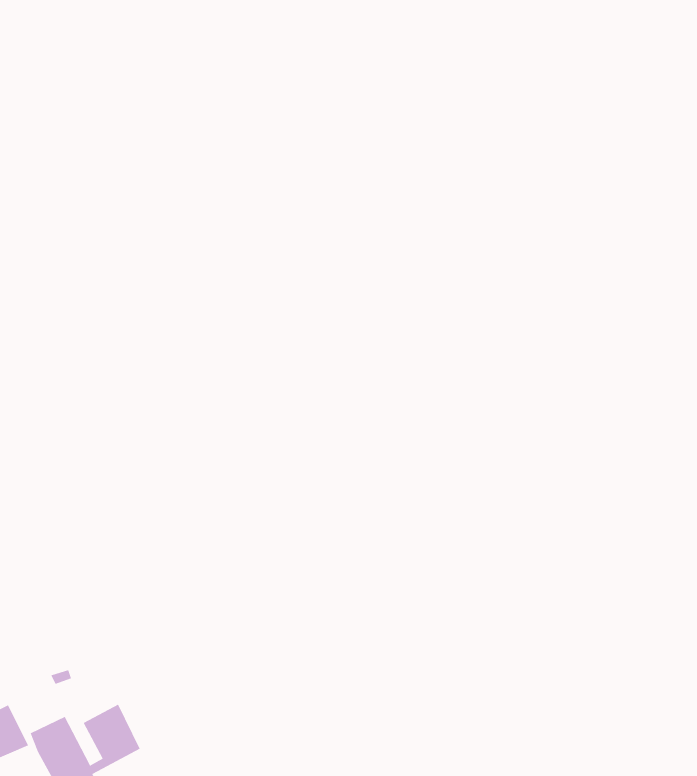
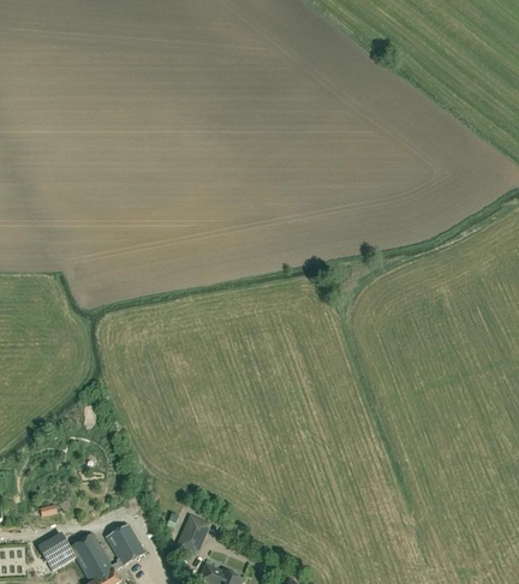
building: none -> [177,514,205,556]

